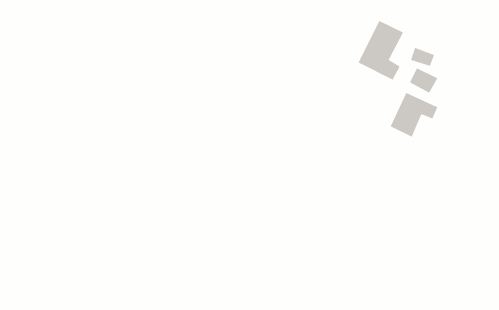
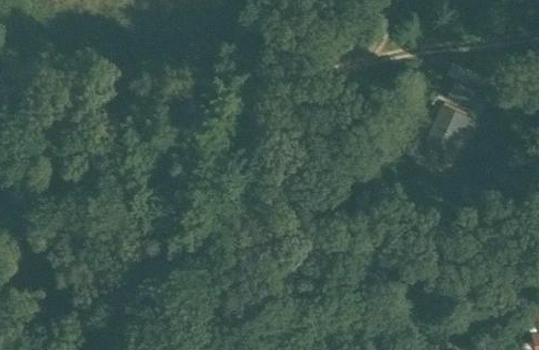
building: [358,20,404,81] -> none

